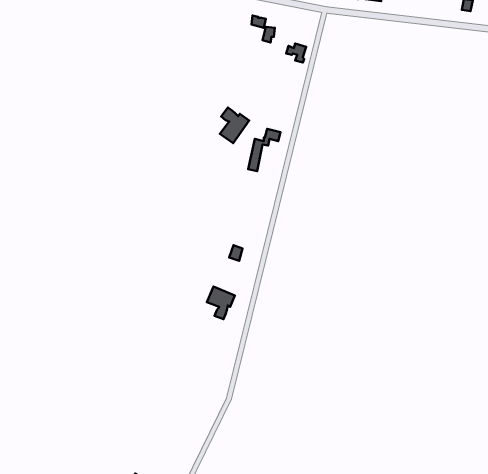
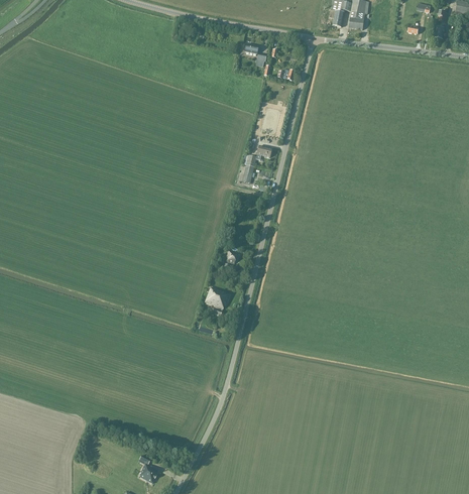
building: [220,107,249,143] -> none

